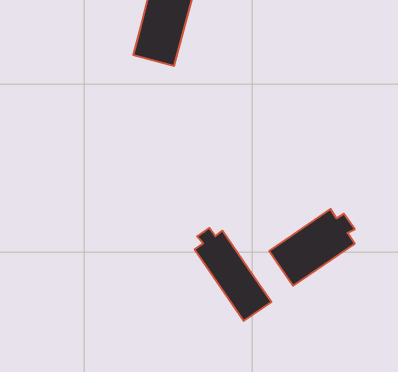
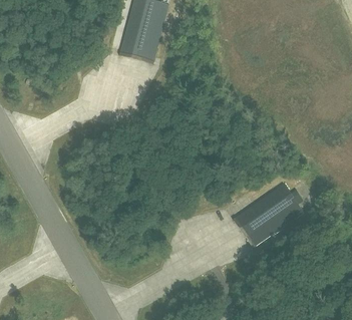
building: [195,228,271,321] -> none

